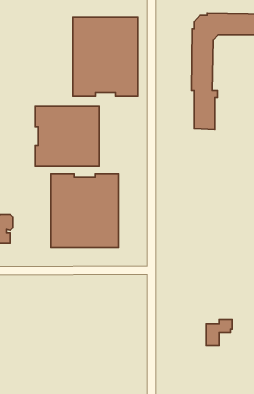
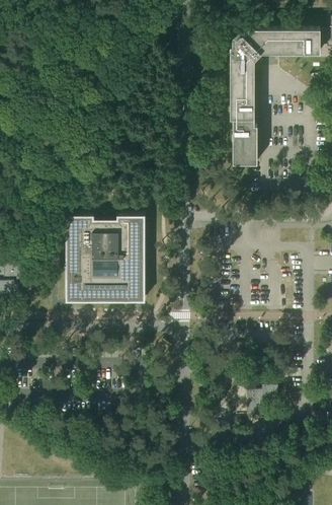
building: [73,17,138,96] -> none
building: [35,106,99,166] -> none

